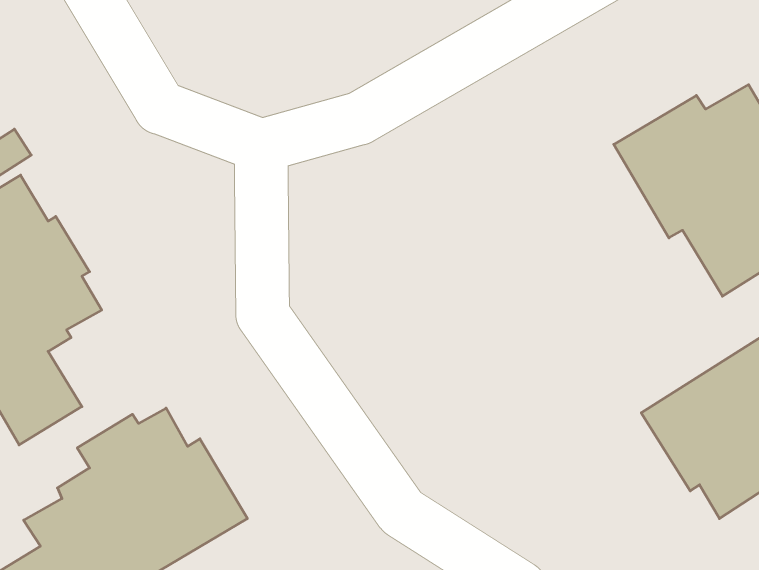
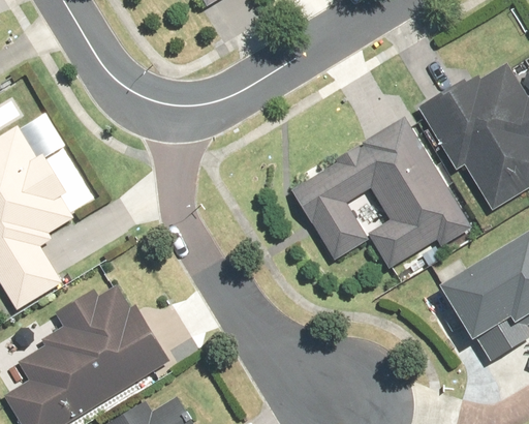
building: none -> [291,117,473,269]

